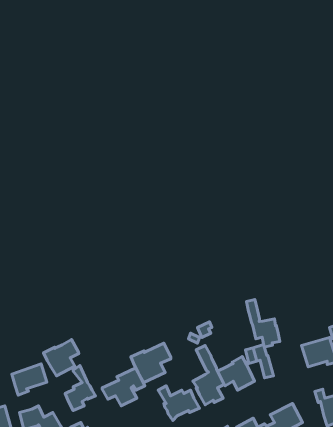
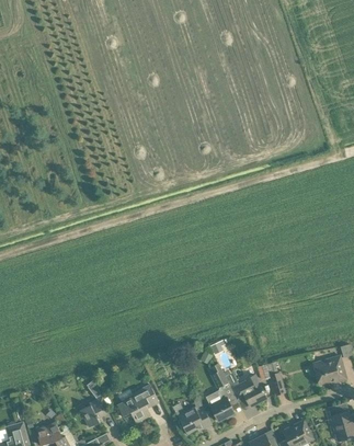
building: [246,300,280,347] -> none
building: [43,339,79,376] -> none
building: [131,343,171,382] -> none
building: [12,364,47,395] -> none

